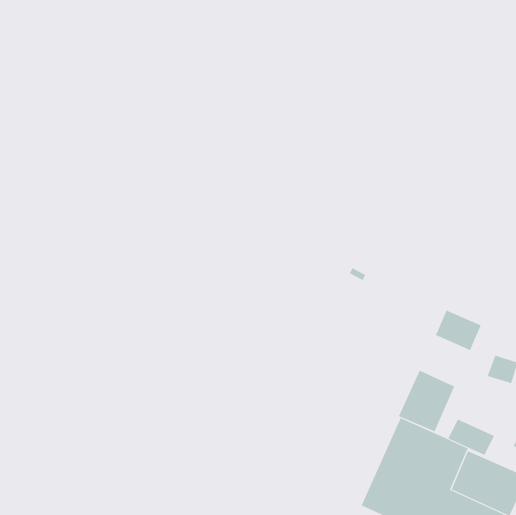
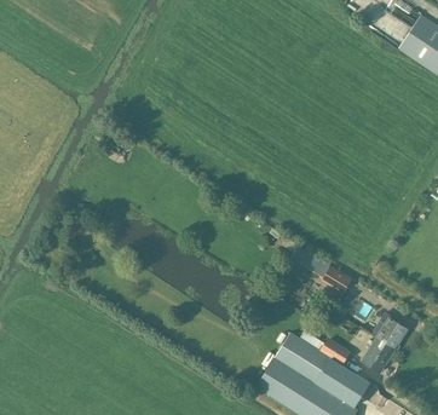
building: [398,370,455,432] -> none

